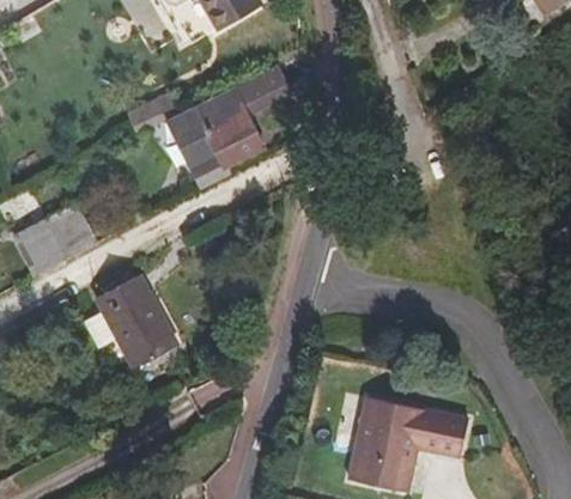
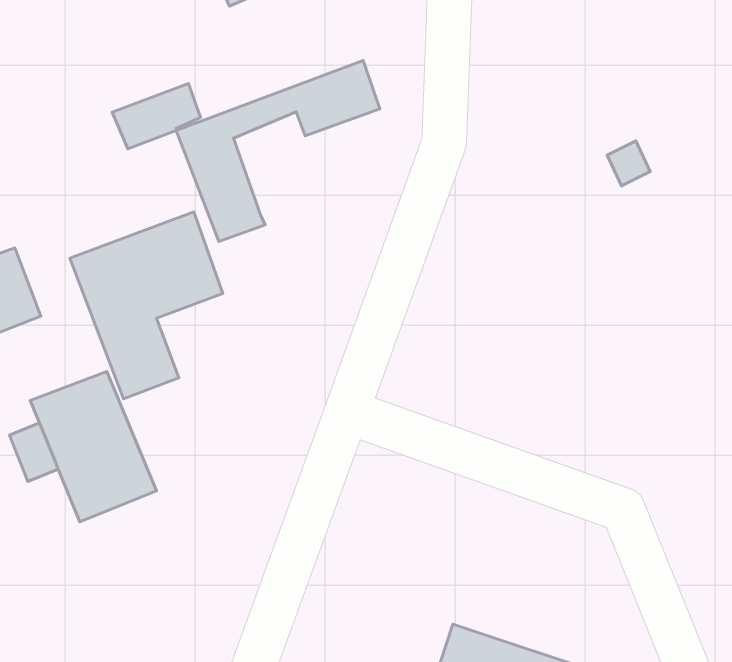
building: [202,99,262,165] -> none
building: none -> [70,212,223,399]

